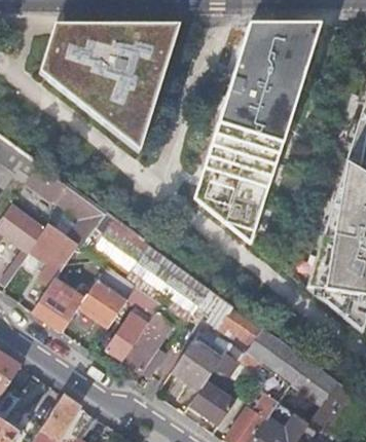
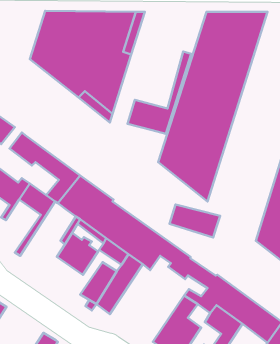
building: none -> [128,51,191,134]
building: [33,244,90,332] -> none
building: none -> [170,204,220,238]
building: [172,331,224,390] -> none

